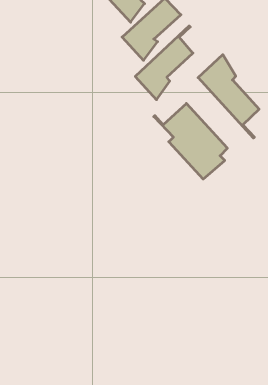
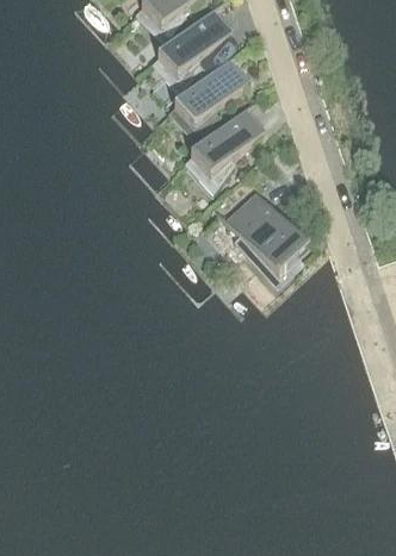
building: [198,55,259,138] -> none

